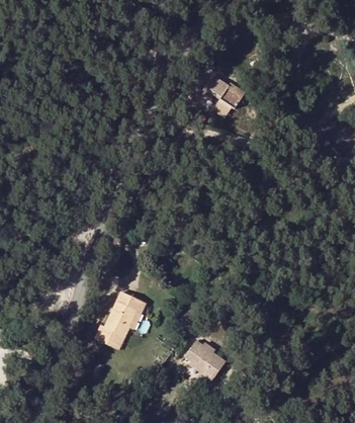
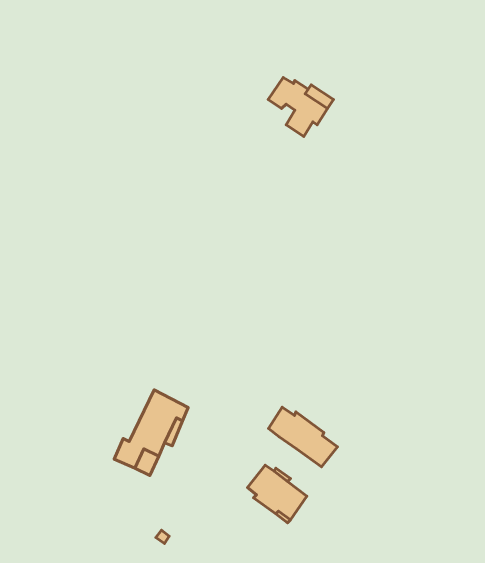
building: none -> [269,407,338,467]

